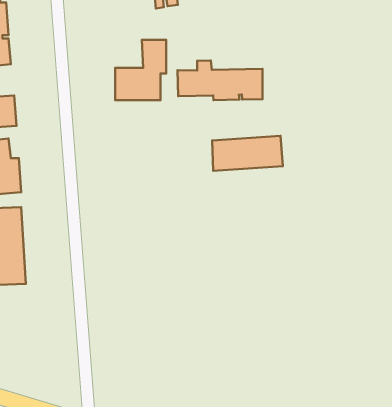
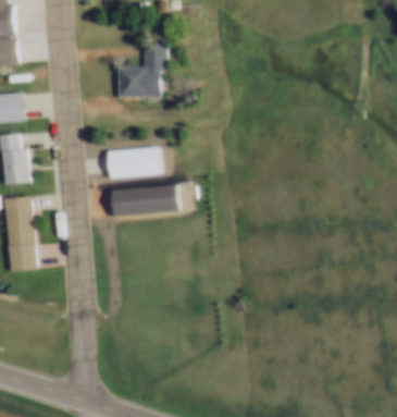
building: [178,60,262,100] -> none
building: [212,136,283,171] -> [112,183,178,216]
building: none -> [109,147,162,177]

